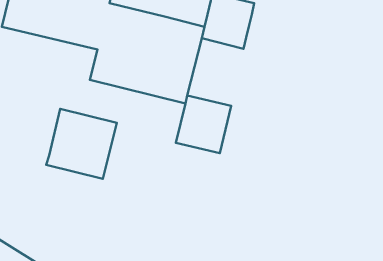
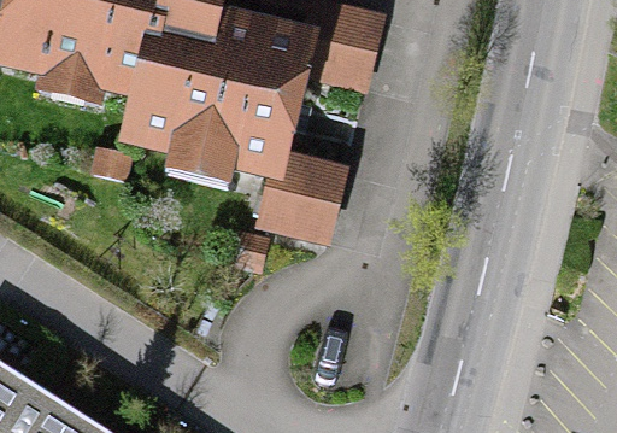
building: [46,109,117,179] -> none

